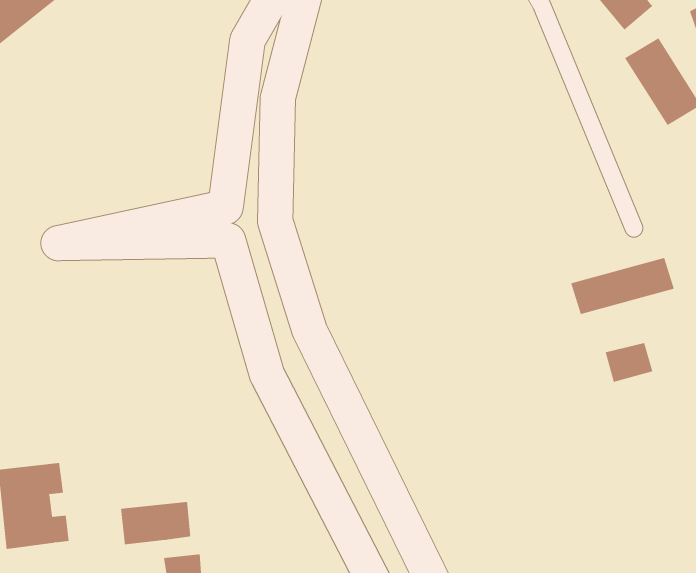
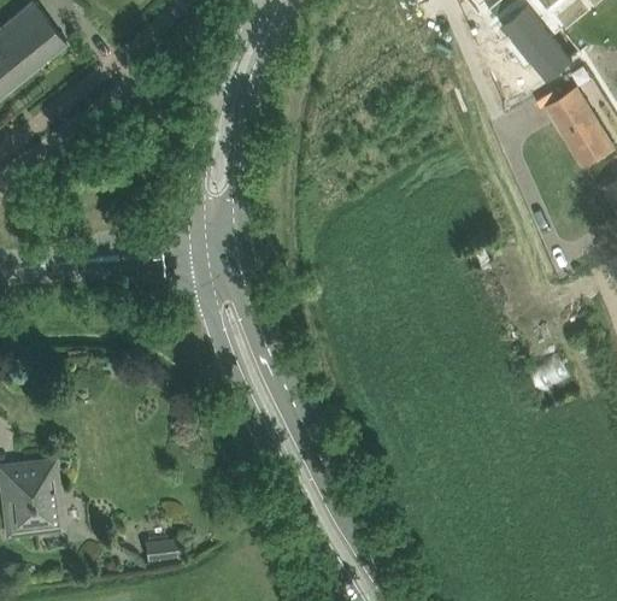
building: [571,257,674,315] -> none
building: [120,501,191,545] -> none

